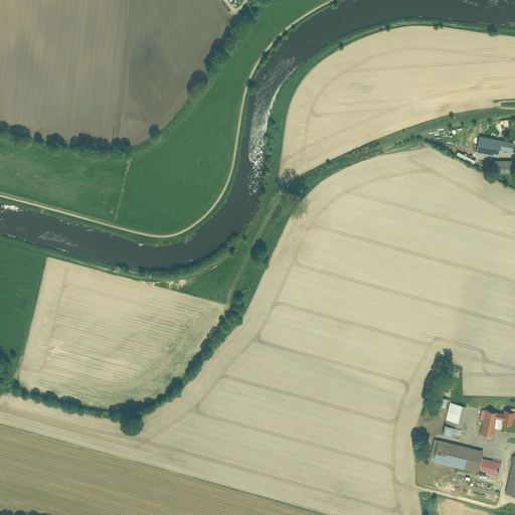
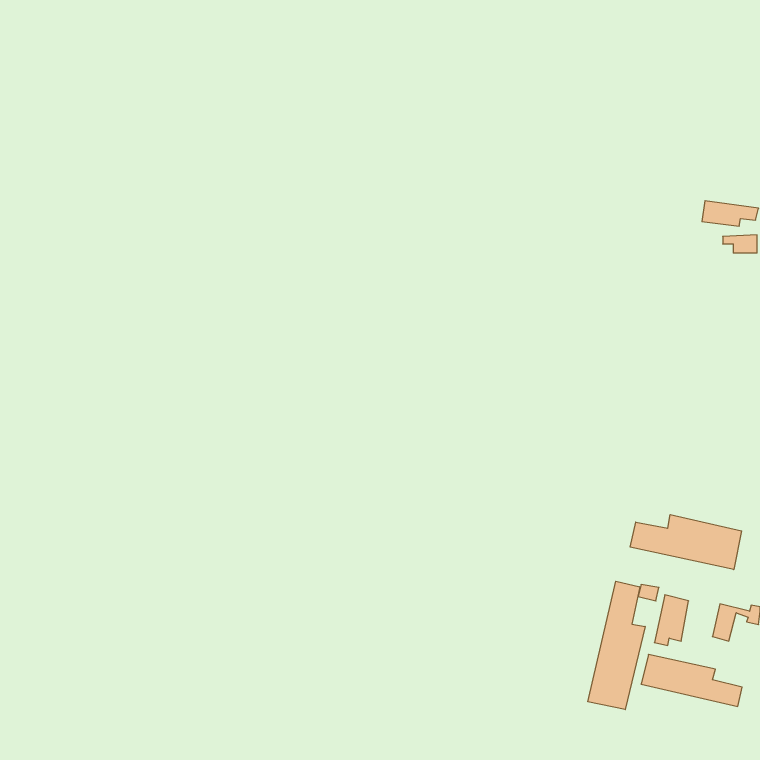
building: none -> [630,515,742,570]
building: none -> [588,581,645,710]

